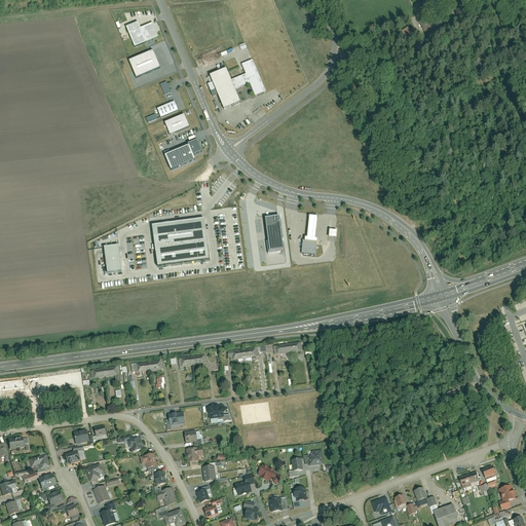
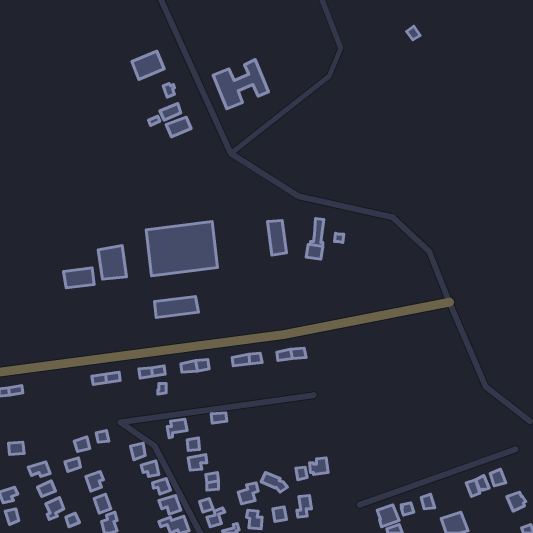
building: [124,22,157,47] -> none
building: [162,139,202,170] -> none
building: none -> [63,268,94,288]
building: none -> [154,296,198,318]

